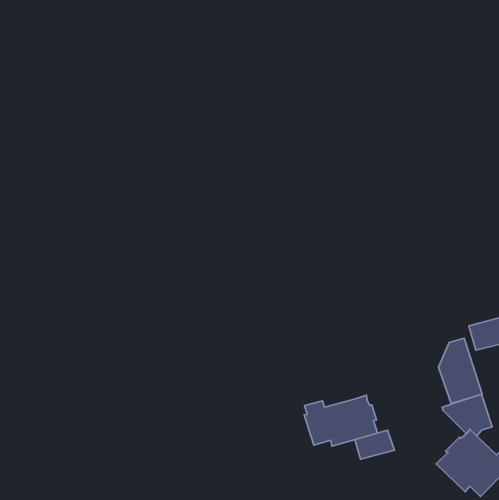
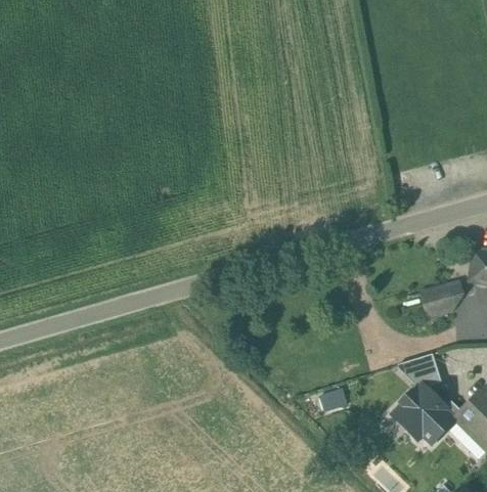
building: [439,338,482,403] -> none
building: [304,395,378,446] -> none

